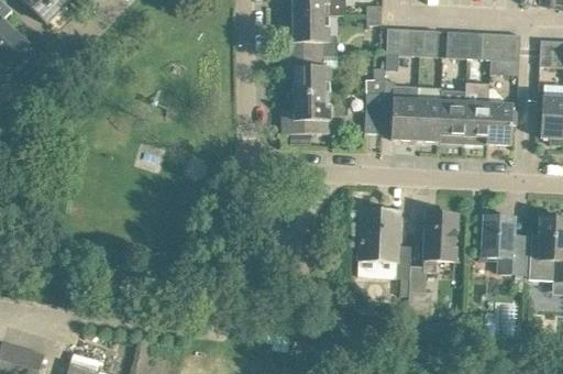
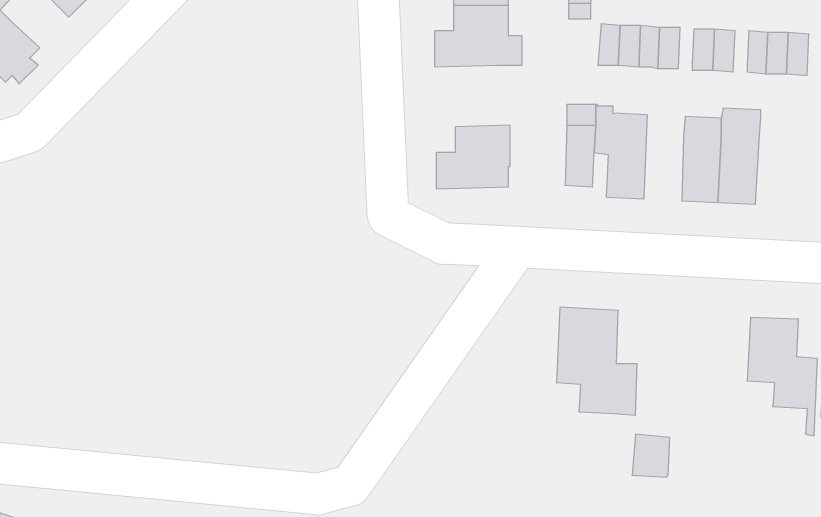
building: [282,54,330,94] -> none
building: [416,86,441,141] -> none
building: [487,87,517,144] -> none
building: [423,212,457,272] -> none

